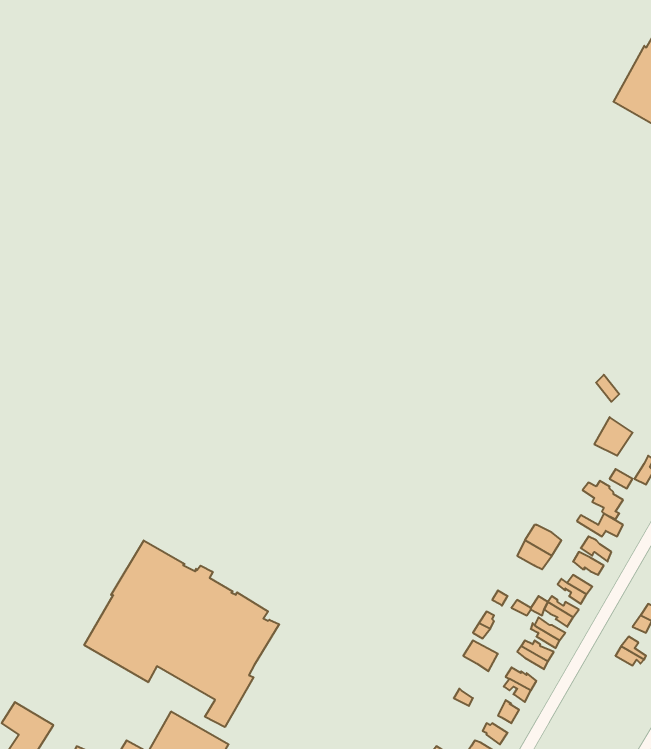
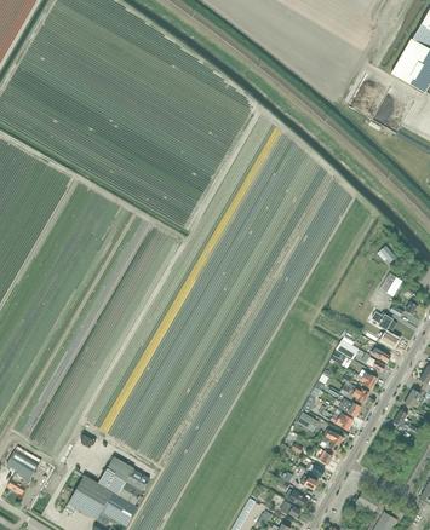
building: [84,540,279,727] -> none

